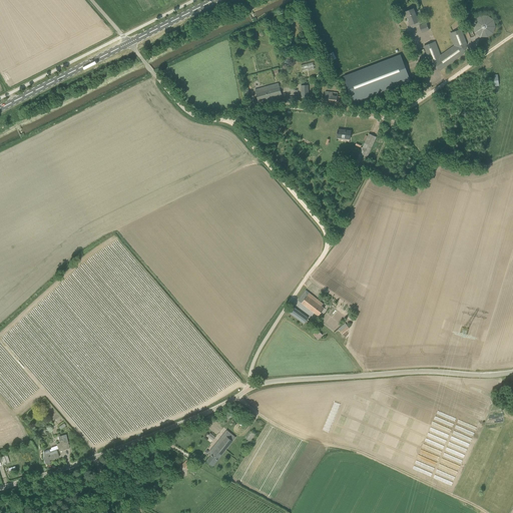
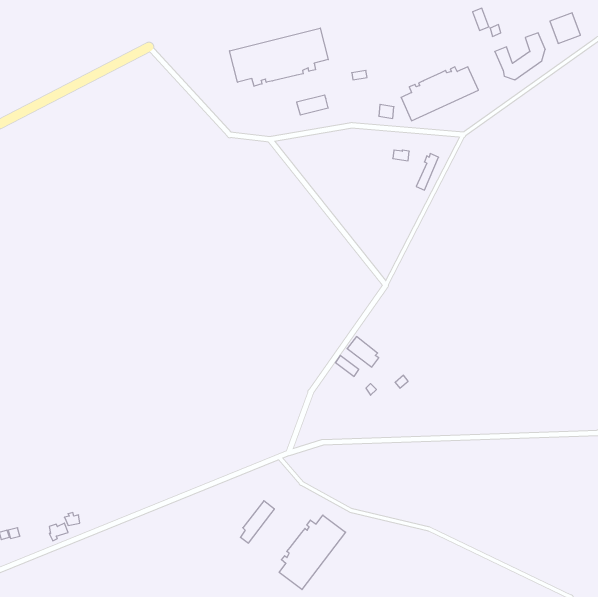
building: none -> [230,28,328,86]
building: none -> [279,515,346,590]

